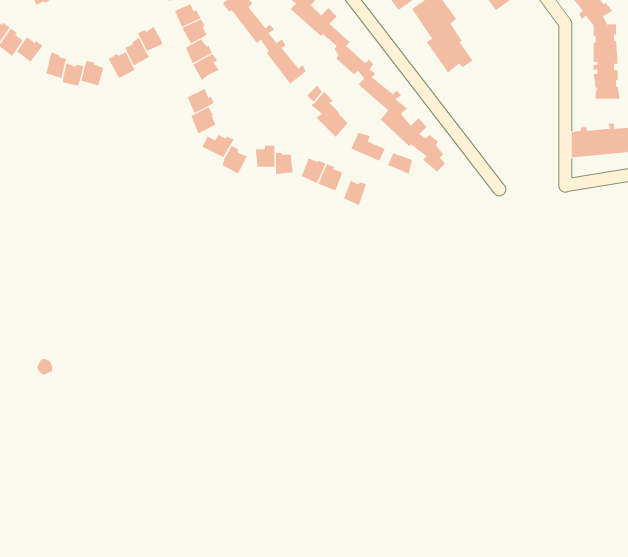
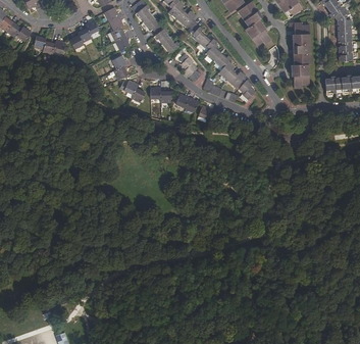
building: none -> [291,21,311,88]

